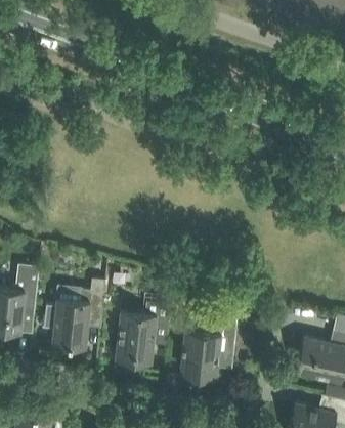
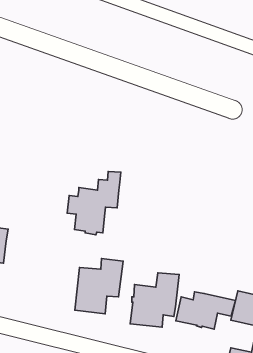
building: [43,281,104,353] -> [67,171,121,235]
building: none -> [176,292,235,329]

